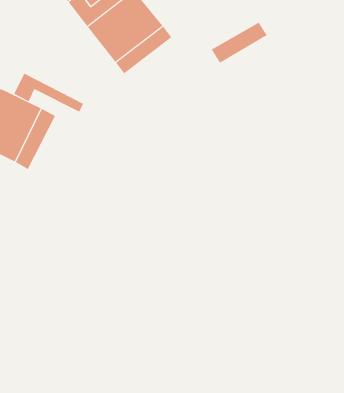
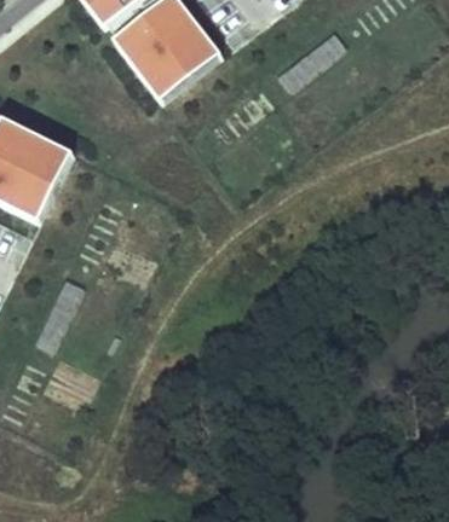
building: [13,73,84,113] -> none

